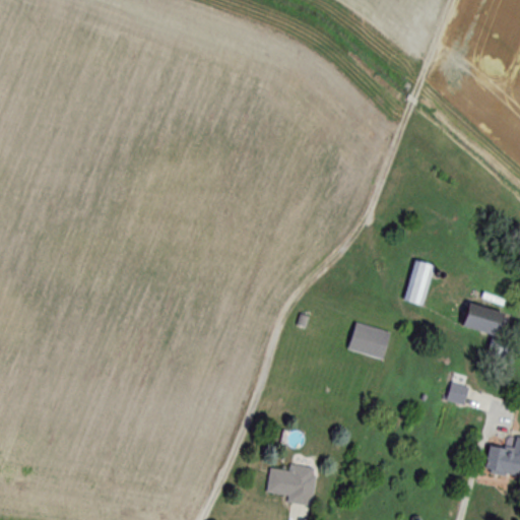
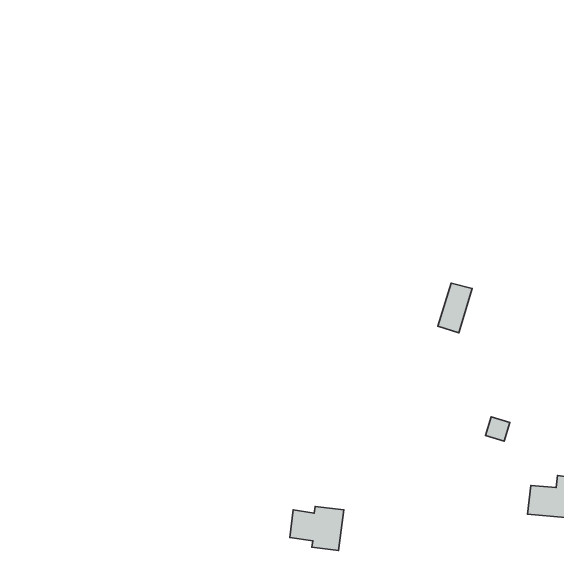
building: [464,303,506,336] -> none
building: [348,323,391,360] -> none

